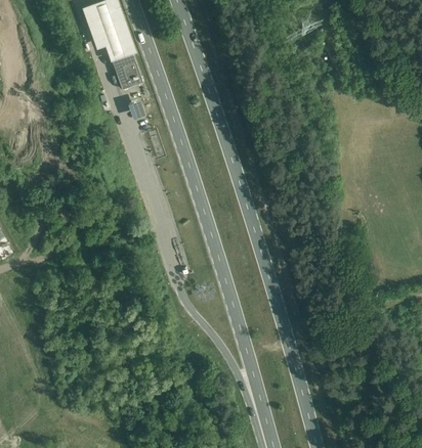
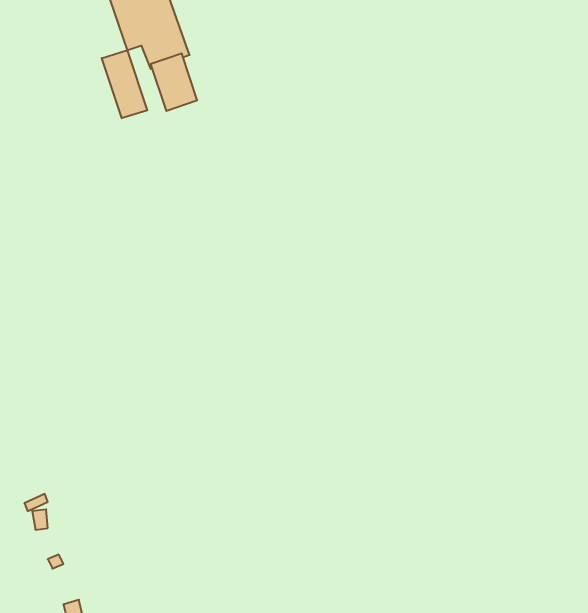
building: none -> [102,50,147,118]

